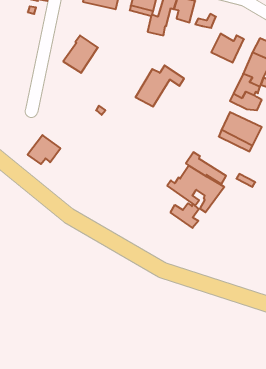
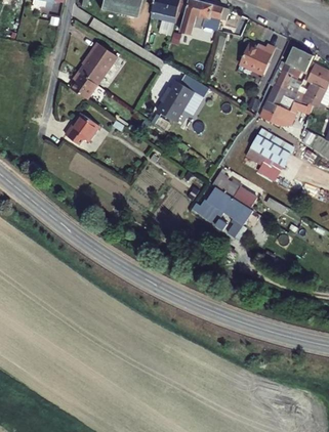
building: none -> [70,73,97,100]
building: [28,135,60,164] -> [64,113,99,144]
building: [171,203,199,228] -> none

